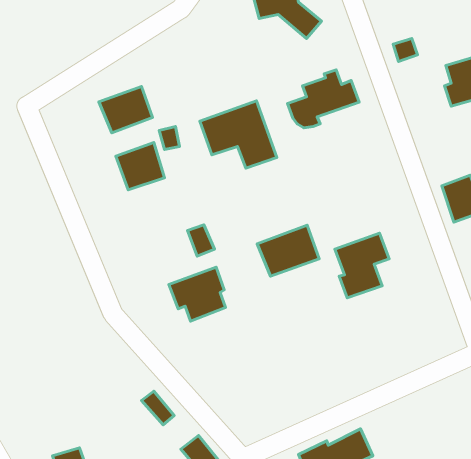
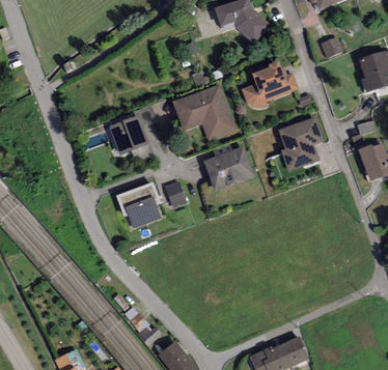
building: [99,87,153,133] -> none
building: [257,225,319,276] -> [204,148,252,188]
building: [335,233,389,298] -> [280,118,322,168]
building: [169,267,226,321] -> [116,183,160,225]

